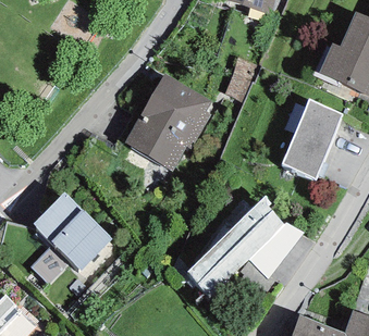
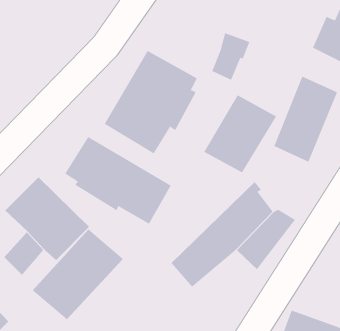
building: none -> [204,94,277,173]
building: none -> [64,136,171,225]
building: none -> [32,228,124,320]

